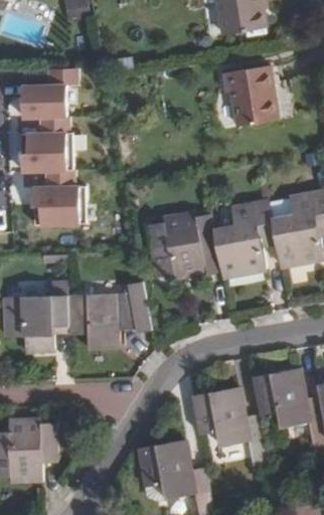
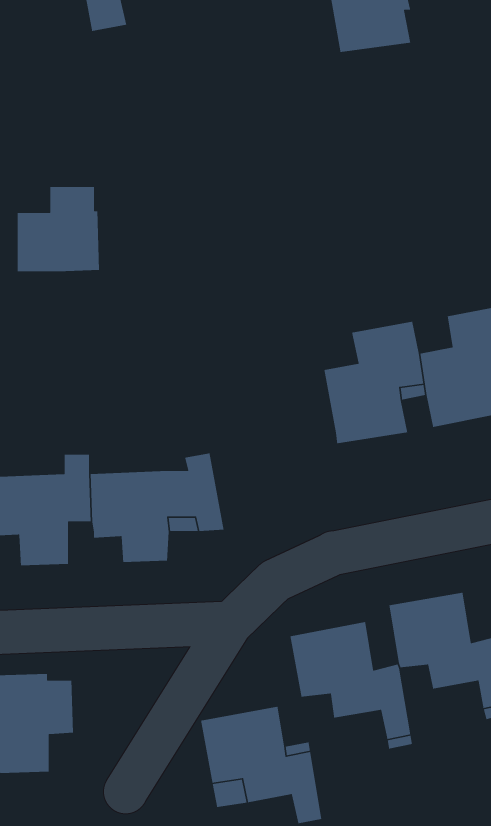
building: [223,66,278,126] -> none
building: [19,67,79,118] -> none
building: [35,169,88,223] -> none
building: [145,211,220,279] -> none

